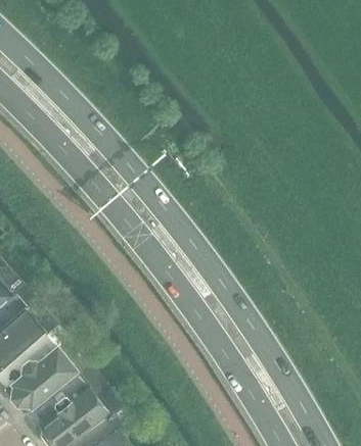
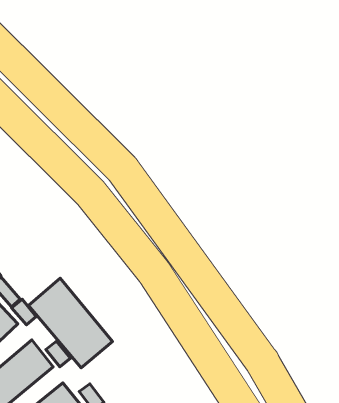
building: none -> [28,278,113,368]

